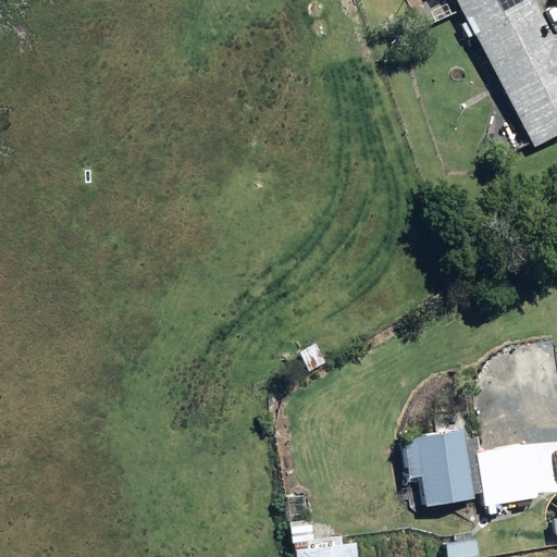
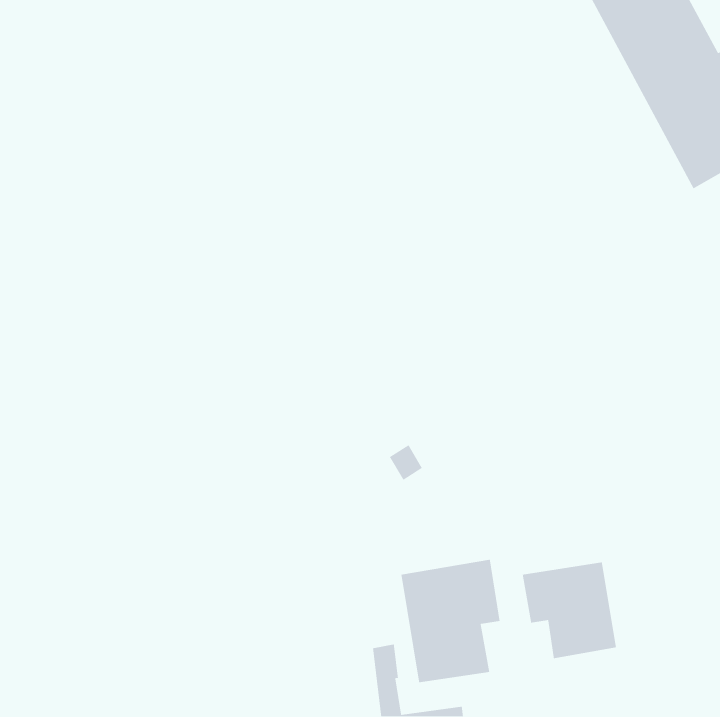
building: none -> [401,559,500,683]
building: [479,447,539,504] -> none

